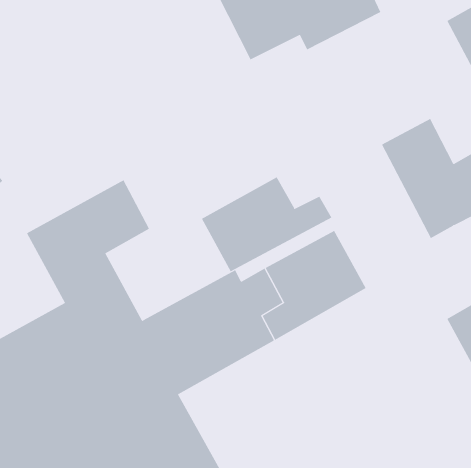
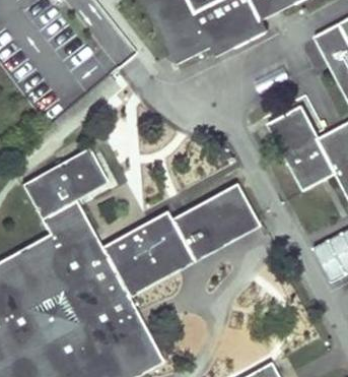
building: [201,176,332,272] -> none

